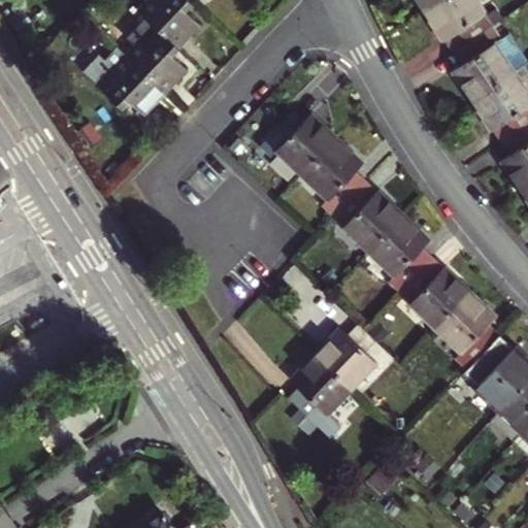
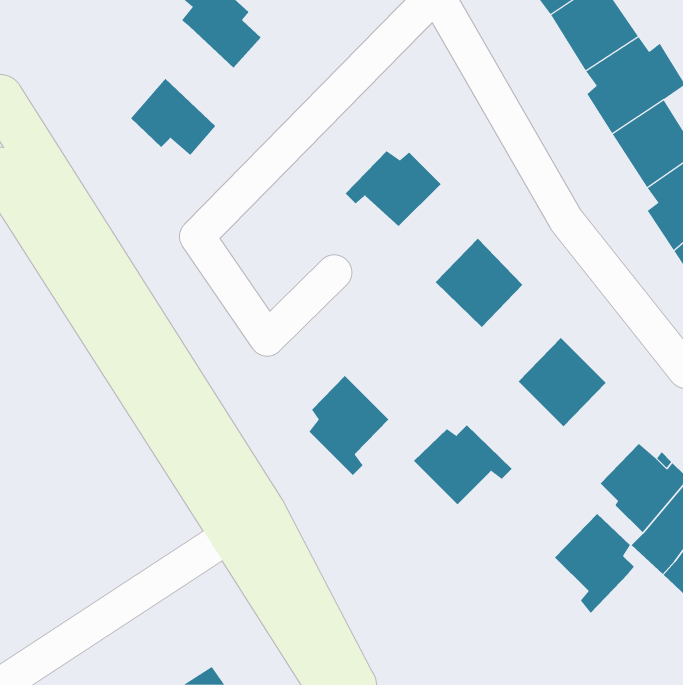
building: [128,21,189,97] -> none
building: [308,141,369,217] -> none
building: [372,219,433,293] -> none
building: [435,294,497,371] -> [554,513,635,614]
building: [292,354,354,431] -> [309,375,389,476]

